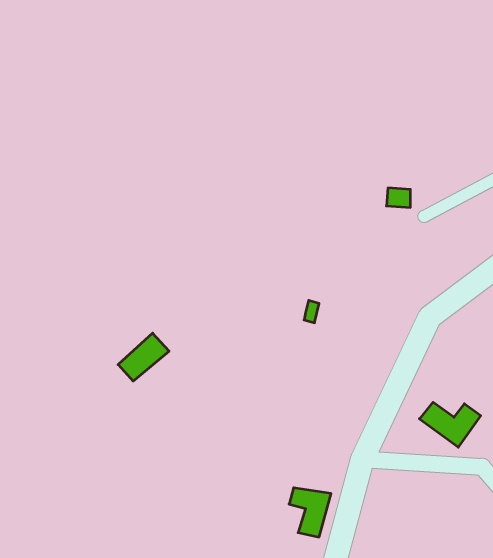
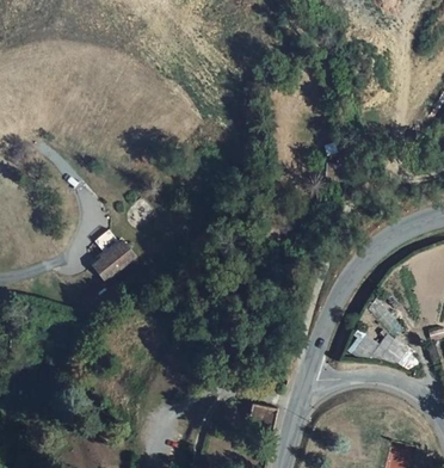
building: [118,333,169,381] -> [87,236,128,275]

